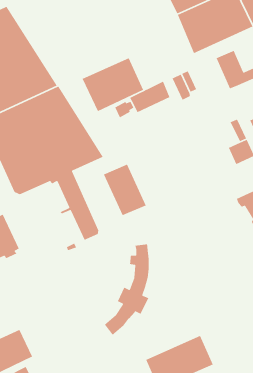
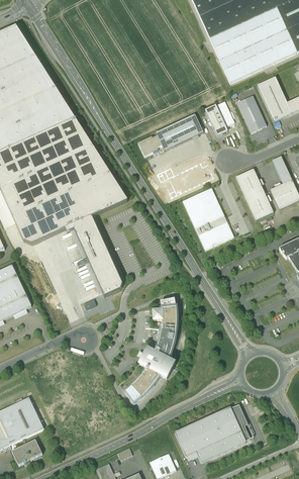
building: [82,57,144,112] -> none
building: none -> [238,95,267,132]
building: none -> [234,167,273,219]
building: [103,163,147,216] -> [182,187,232,248]

